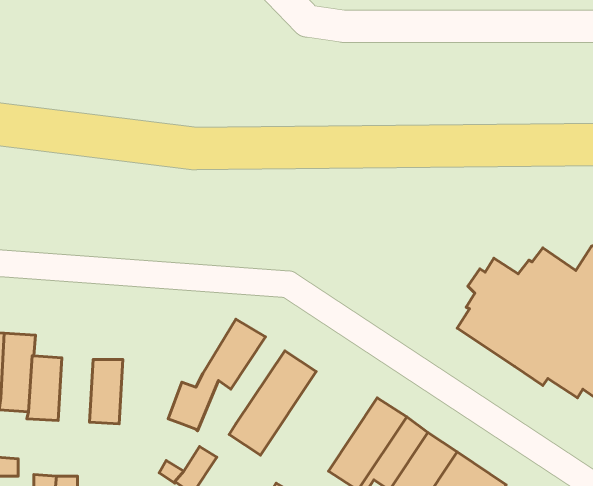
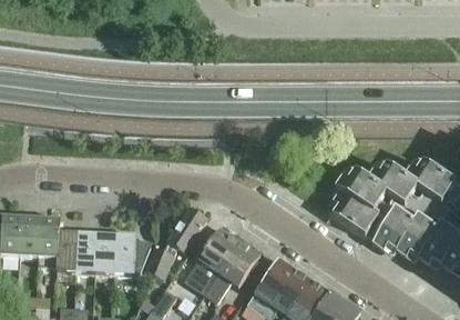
building: none -> [75,232,98,273]
building: none -> [114,233,151,276]
building: none -> [204,241,260,303]

